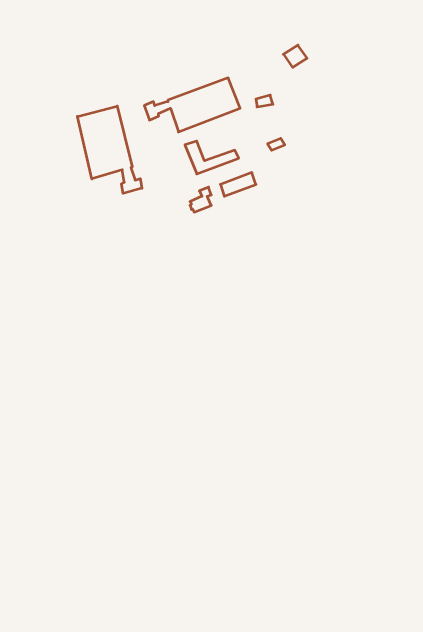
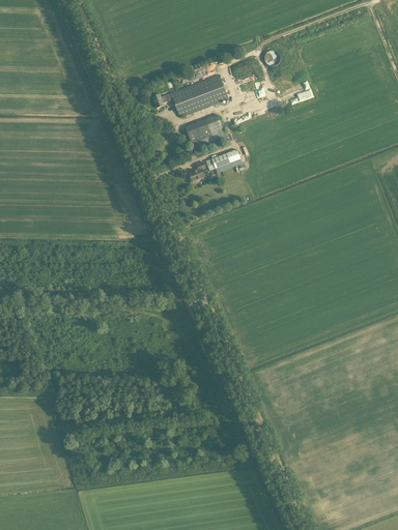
building: [77,106,142,193] -> none

